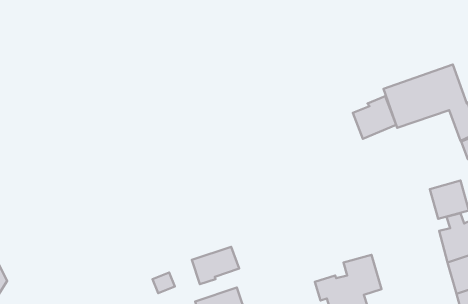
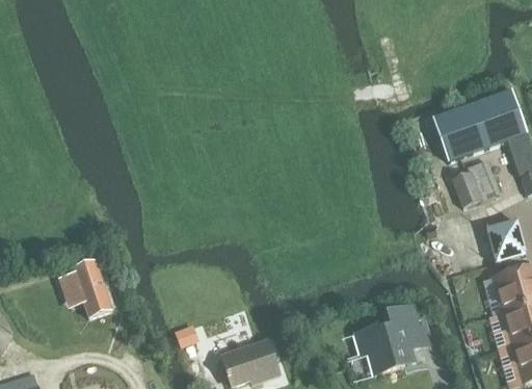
building: [353,96,396,139] -> [450,159,499,207]
building: none -> [58,259,110,315]
building: [192,247,239,284] -> none

